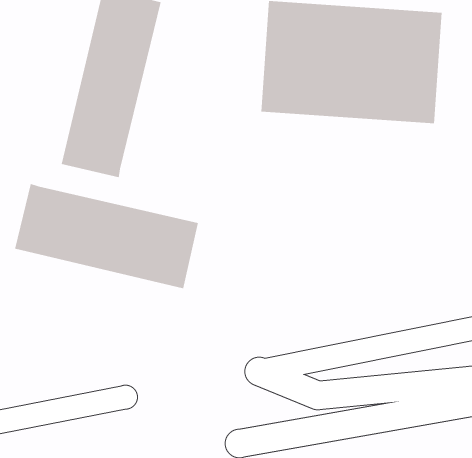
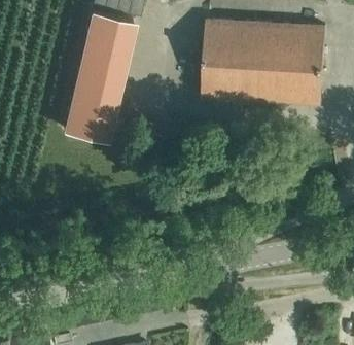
building: [15,183,198,289] -> none

